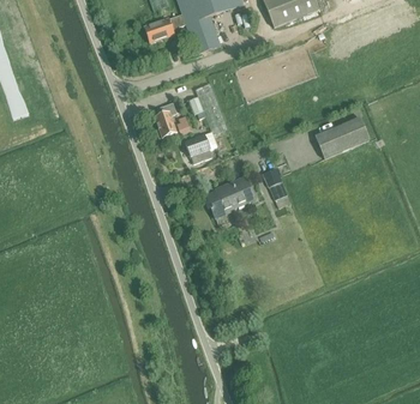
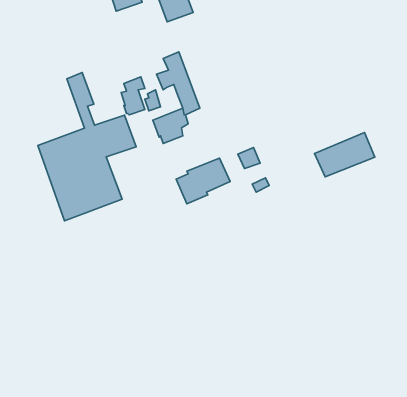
building: none -> [38,72,136,221]
building: [314,116,370,157] -> [315,132,375,177]

